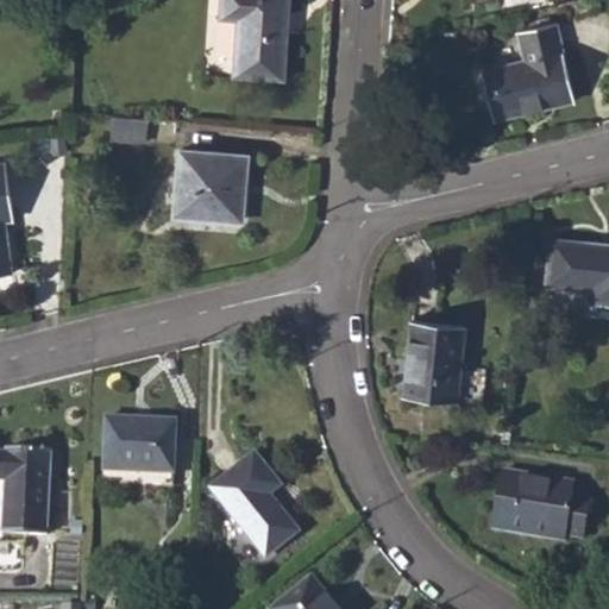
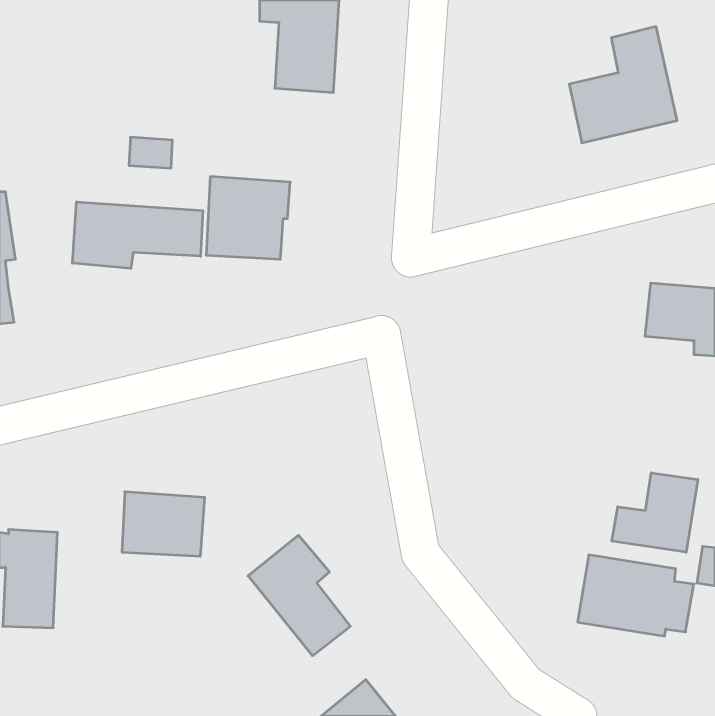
building: none -> [72,202,203,268]
building: [403,322,465,402] -> none
building: none -> [612,473,698,552]

